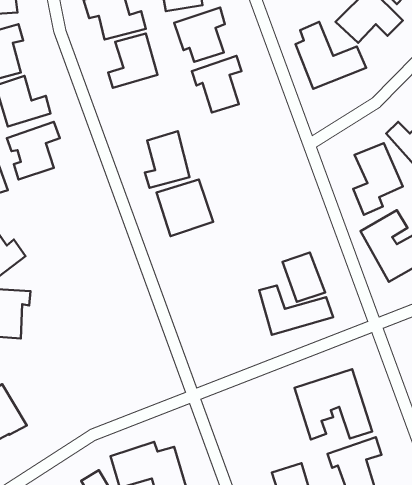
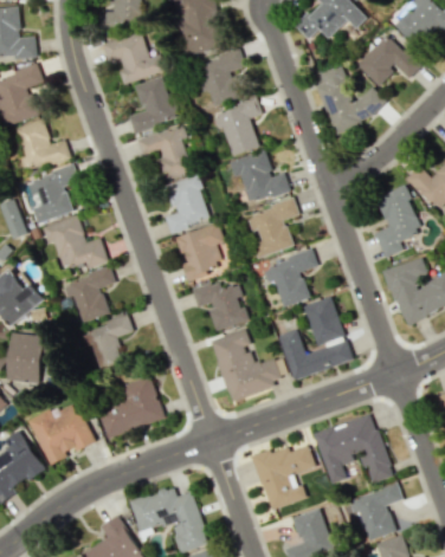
building: none -> [137,124,193,181]
building: none -> [230,150,290,203]
building: none -> [246,200,299,258]
building: none -> [43,215,108,270]
building: none -> [263,251,317,307]
building: none -> [63,267,115,323]
building: none -> [192,280,249,331]
building: none -> [82,317,134,371]
building: none -> [211,330,283,400]
building: none -> [97,376,165,438]
building: none -> [28,403,96,464]
building: none -> [253,446,316,510]

